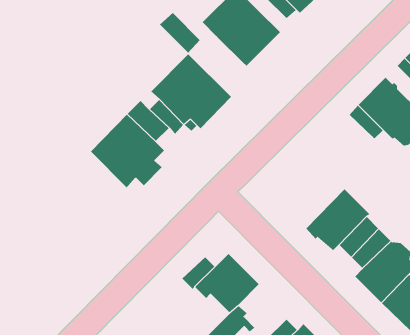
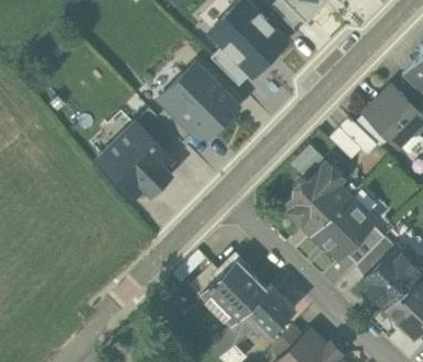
building: [159,12,201,53] -> [209,46,250,87]
building: none -> [328,117,376,159]
building: none -> [282,163,348,235]
building: none -> [244,284,294,332]

